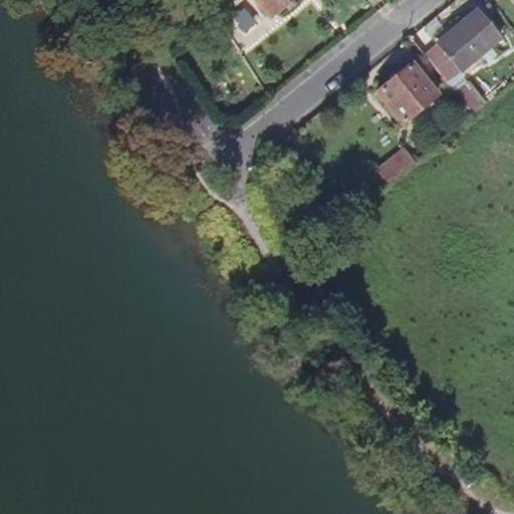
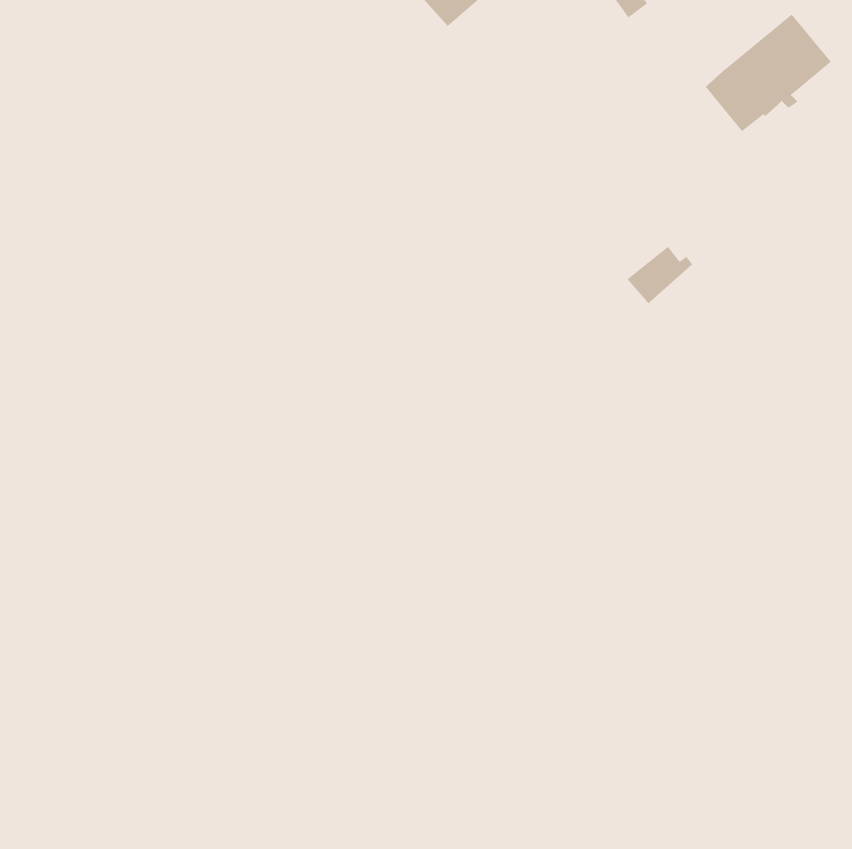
building: [376,62,438,122] -> none

